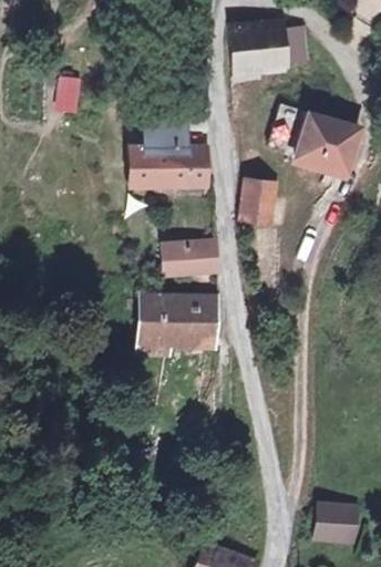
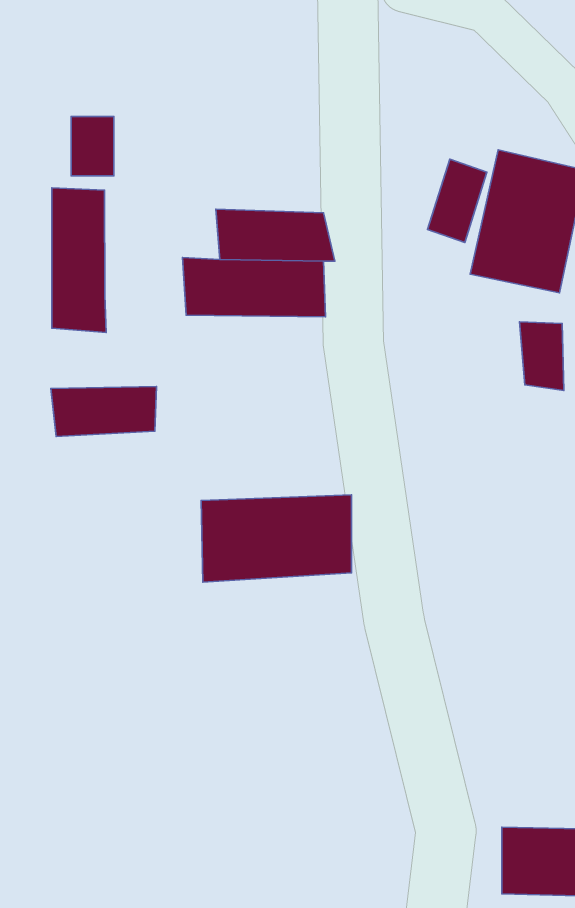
building: [234,28,303,73] -> none
building: none -> [52,188,106,333]
building: [249,181,276,221] -> [519,322,564,390]
building: [153,244,216,274] -> [51,386,157,437]

